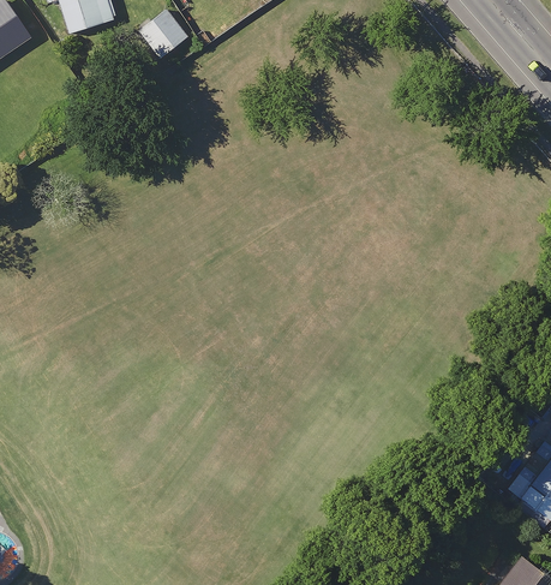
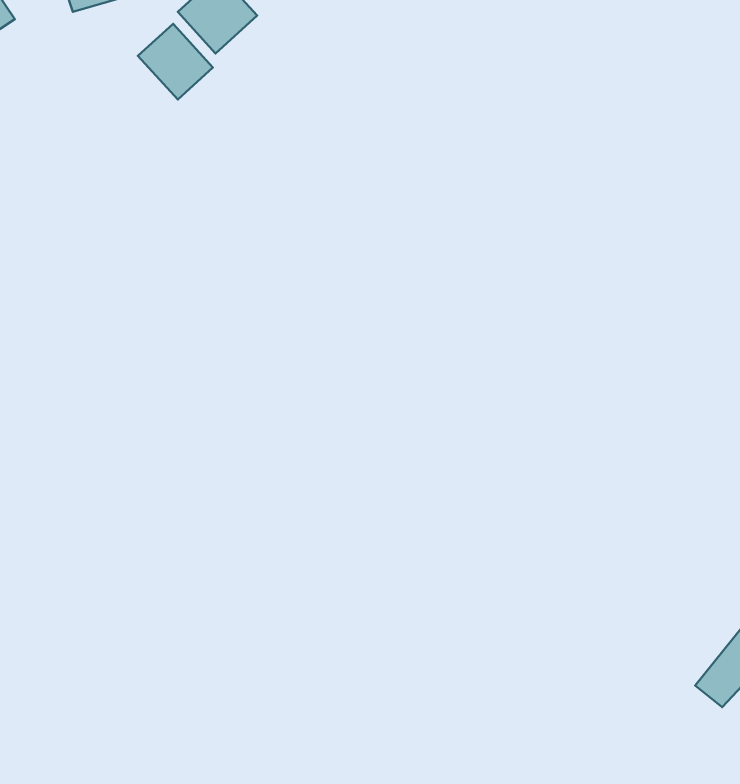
building: none -> [138,24,213,100]

